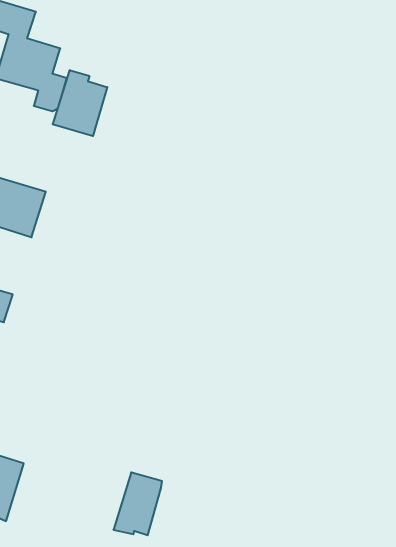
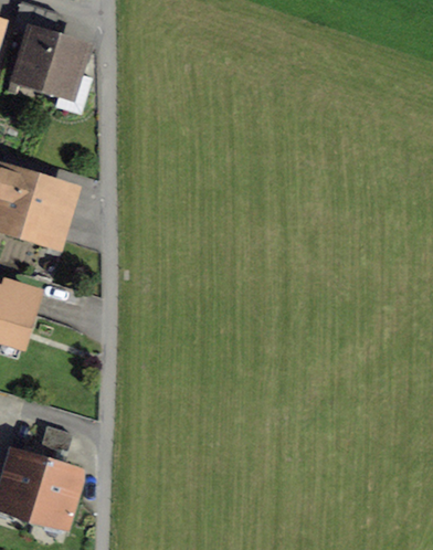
building: [53,70,107,136] -> none
building: [113,472,162,535] -> [29,465,77,528]

